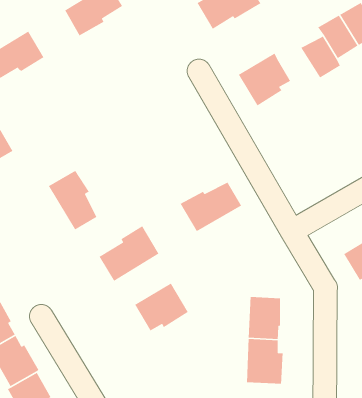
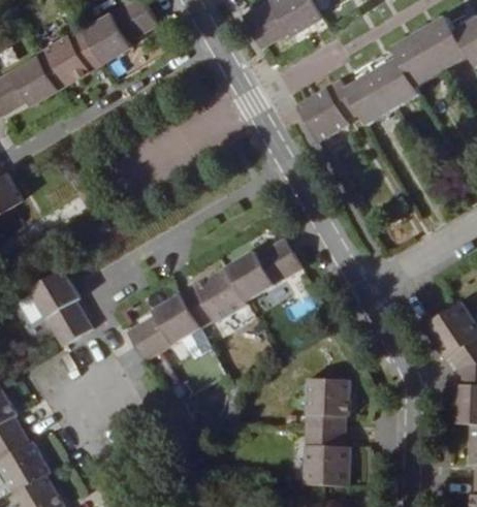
building: none -> [37,26,101,87]
building: none -> [346,74,395,129]
building: [48,170,98,231] -> [27,270,88,344]
building: [134,283,189,332] -> [179,265,246,325]

